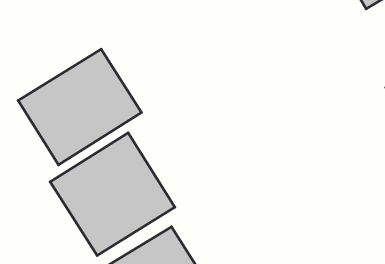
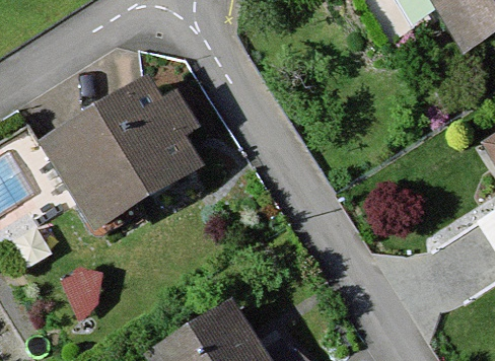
building: [50,133,175,255] -> none

